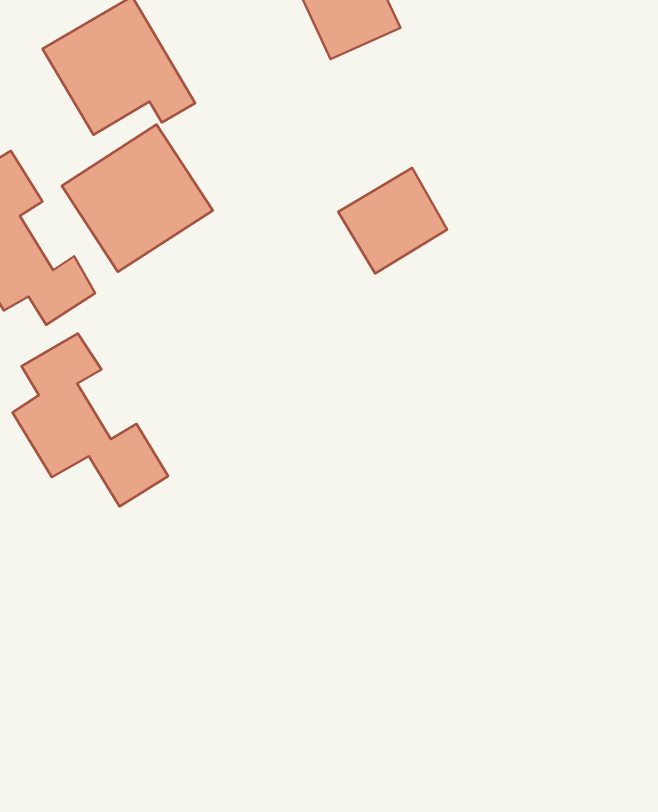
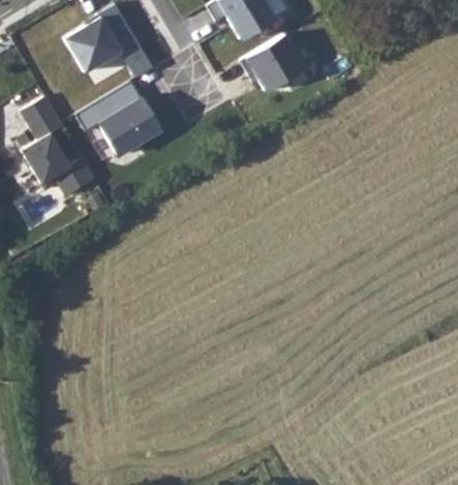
building: [338,168,447,273] -> [242,31,306,93]
building: [13,333,168,506] -> none

